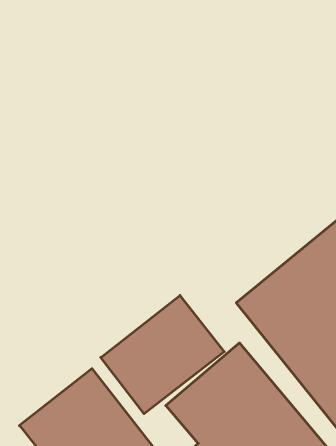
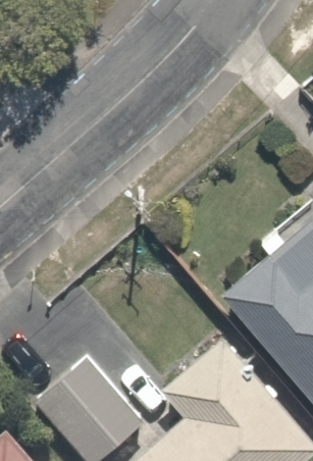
building: [101,295,224,414] -> none

